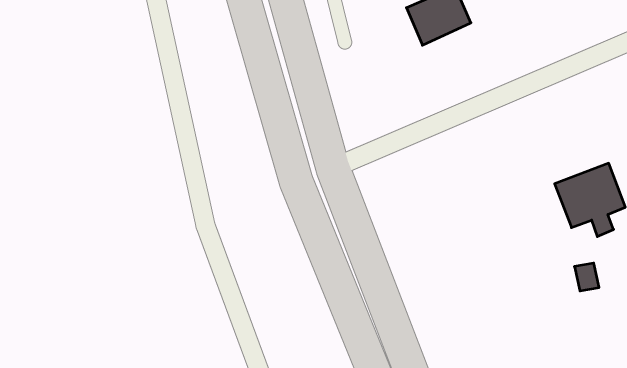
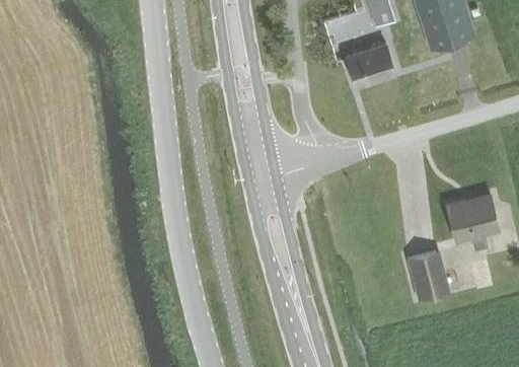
building: none -> [407,250,445,300]

